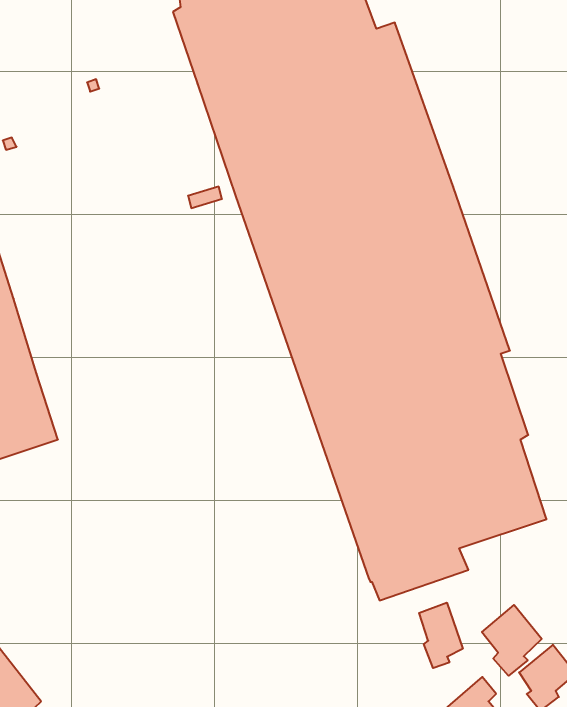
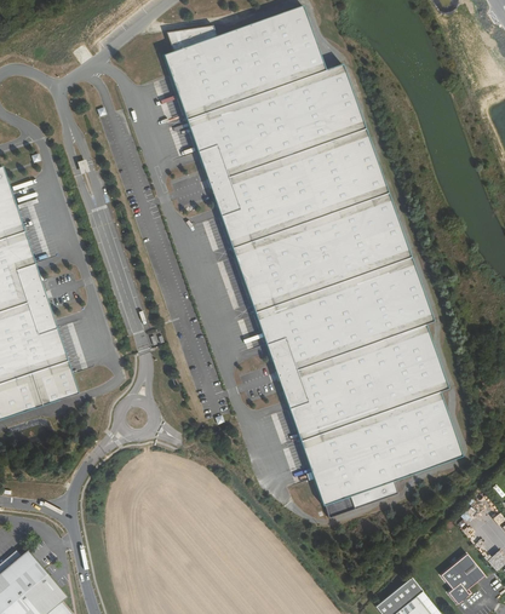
building: [419,603,463,668] -> none
building: [482,605,542,676] -> none

